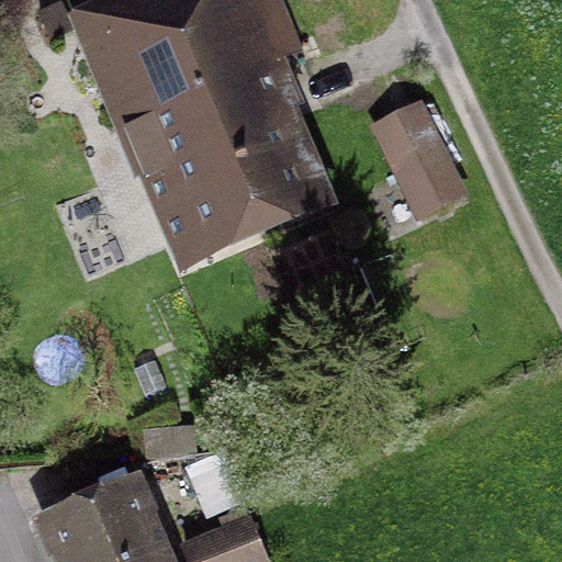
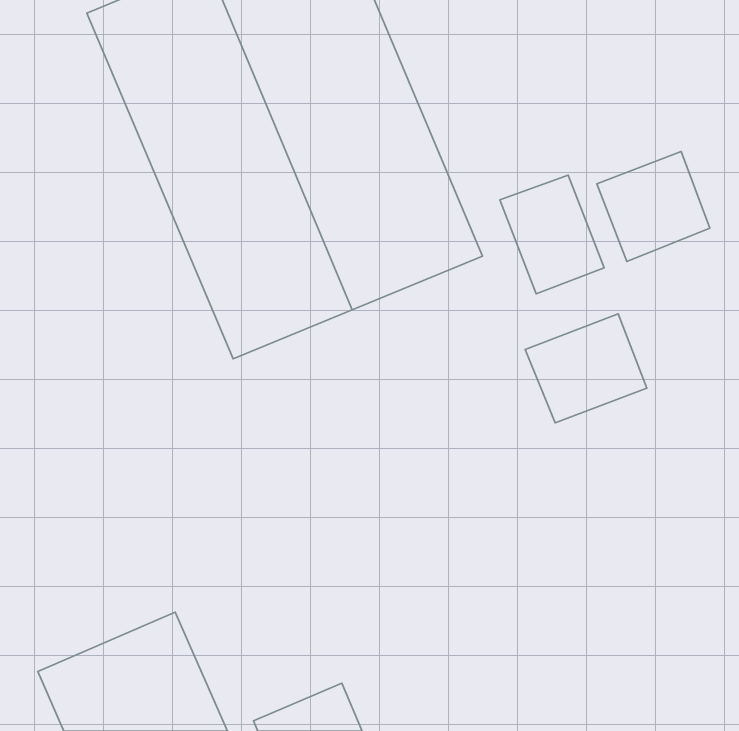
building: none -> [597,152,710,261]
building: none -> [525,314,647,423]

